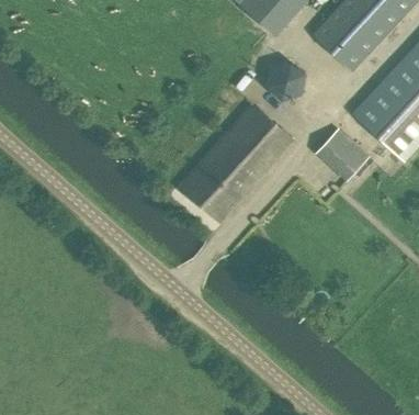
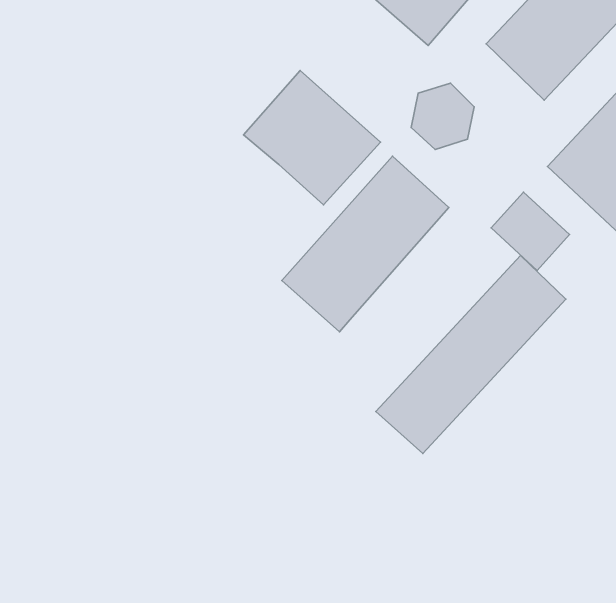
building: none -> [243,70,380,205]
building: none -> [376,255,566,453]

